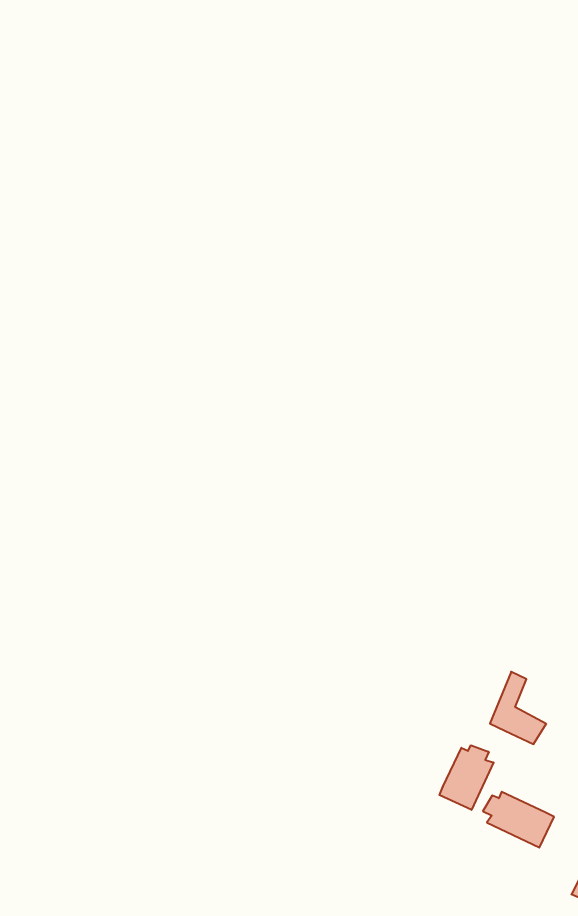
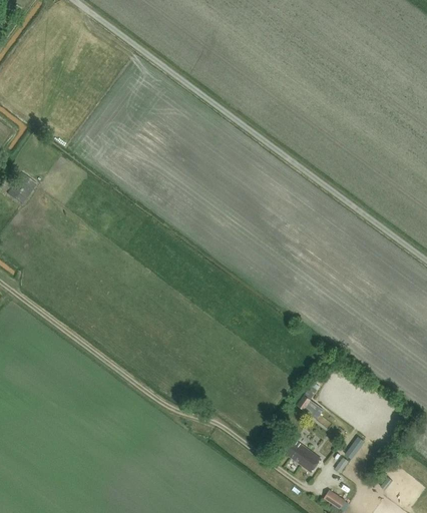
building: [439,745,494,810] -> none

